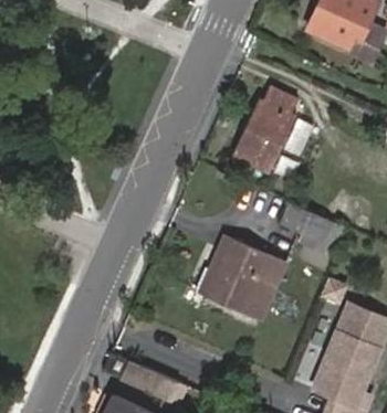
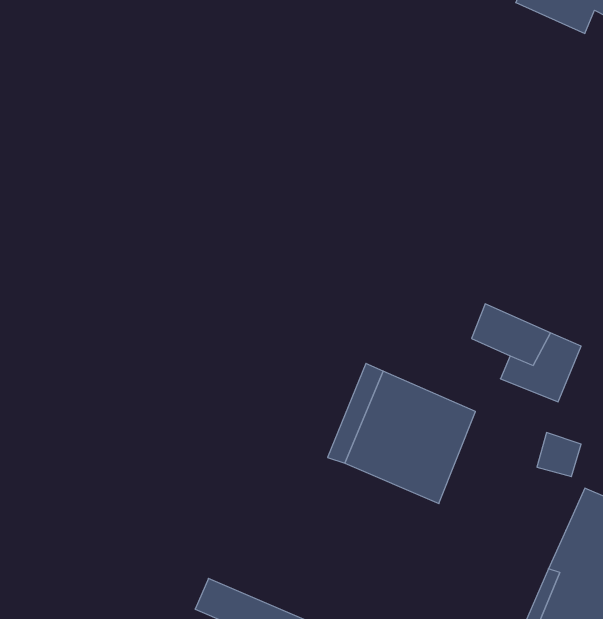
building: [233,89,297,172] -> none

